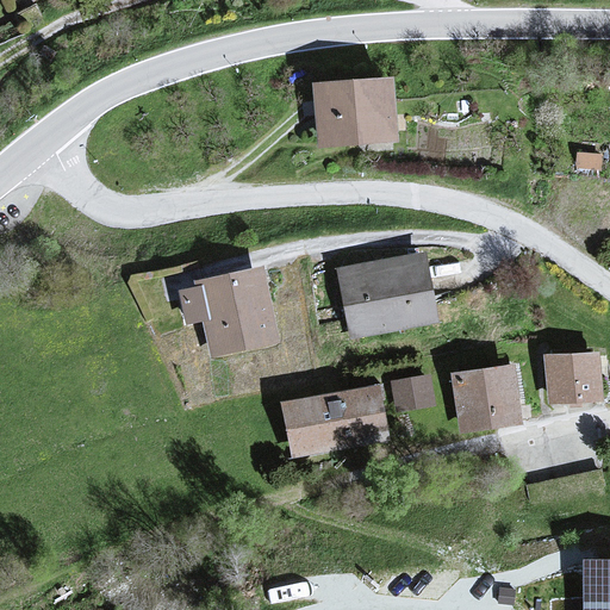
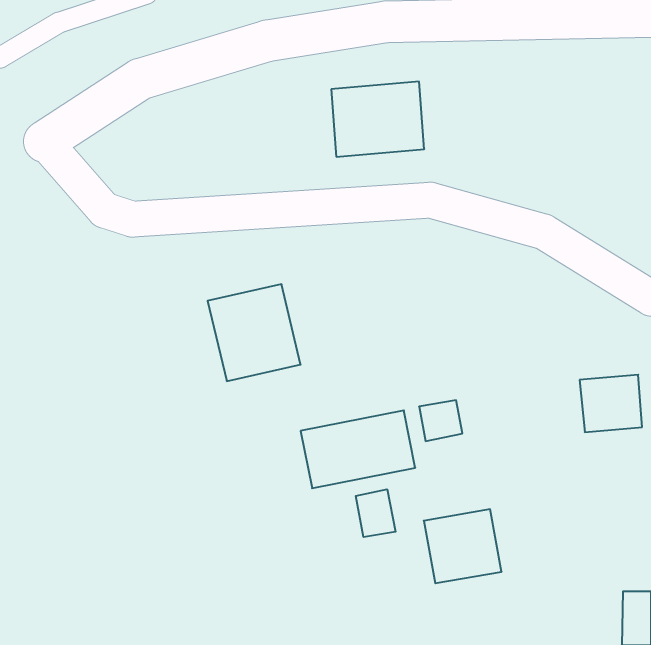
building: [338,251,438,337] -> none
building: [449,362,522,431] -> [424,509,502,583]
building: none -> [356,489,396,537]

